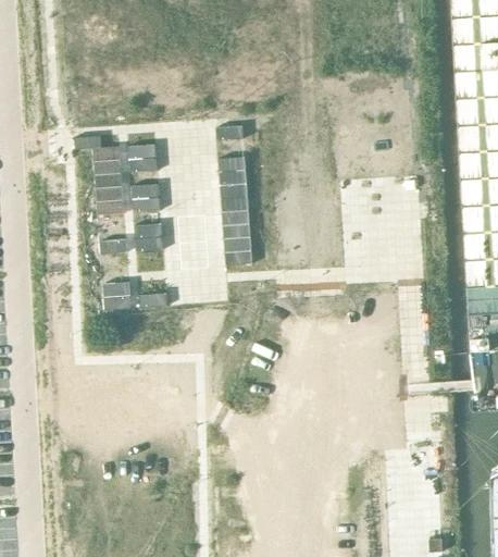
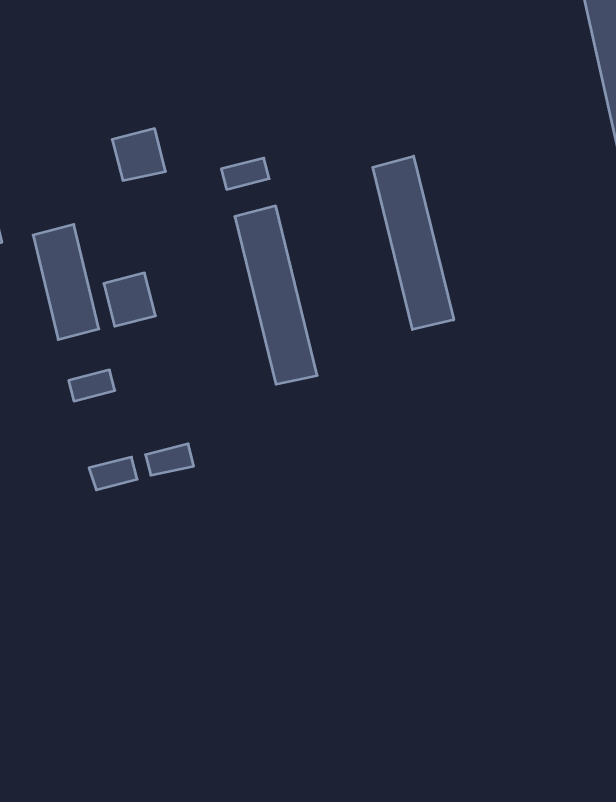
building: none -> [373,156,454,330]
building: [128,143,158,171] -> [112,129,166,180]
building: [135,222,163,250] -> none

